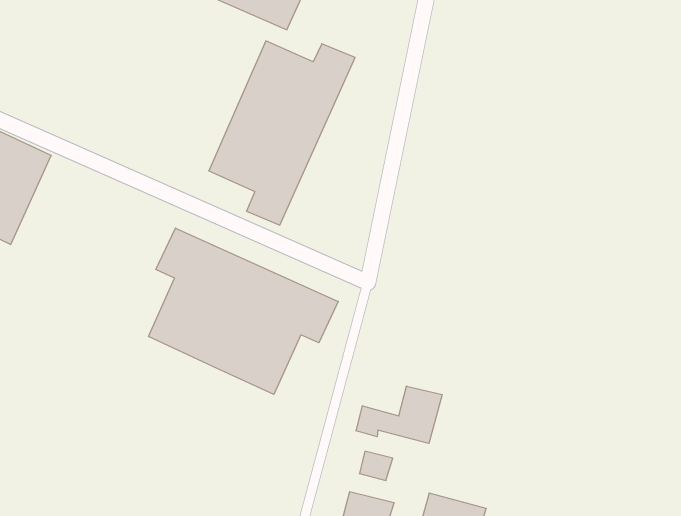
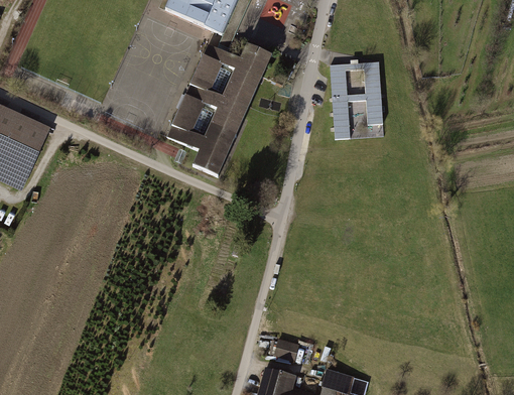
building: none -> [329,61,383,138]
building: [149,228,338,394] -> none
building: [356,386,442,443] -> none

